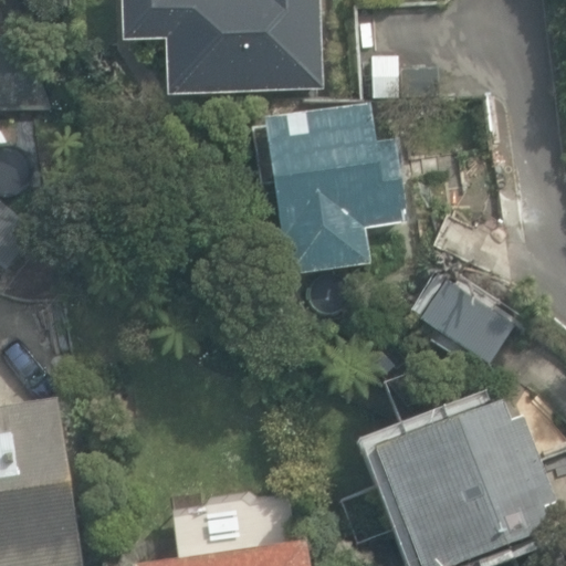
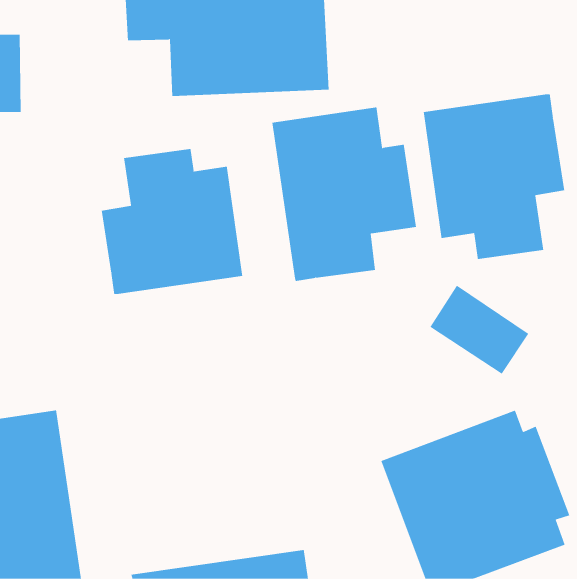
building: none -> [423,93,565,260]
building: none -> [101,148,243,295]

